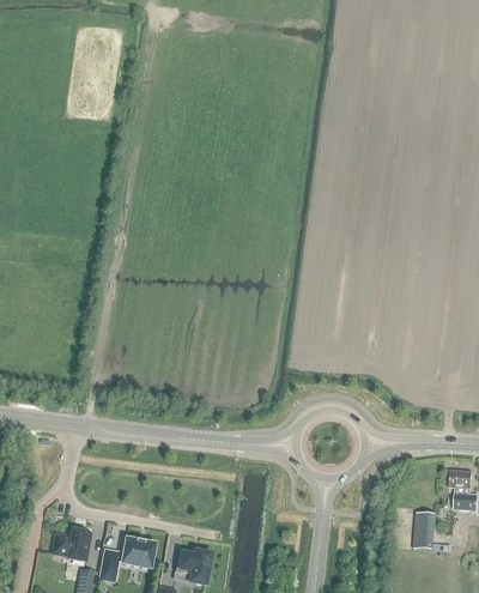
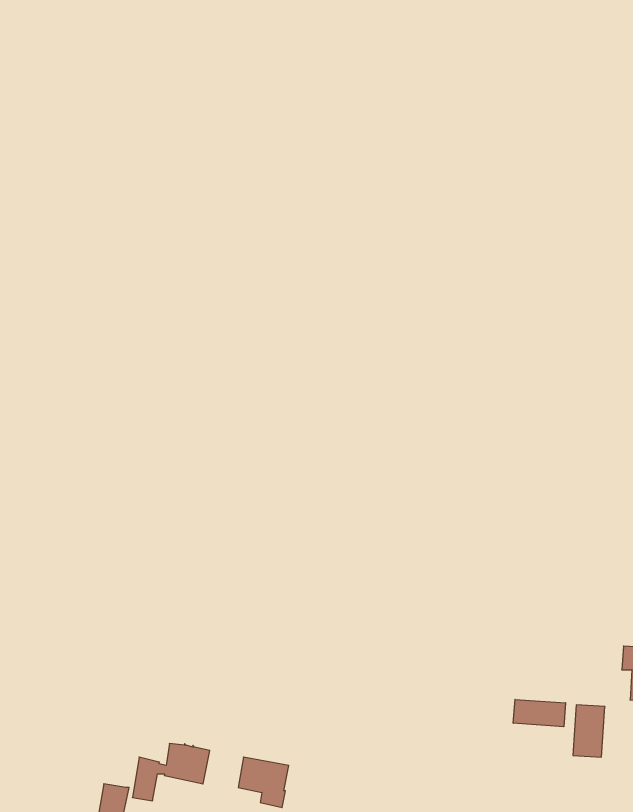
building: none -> [513,699,566,727]
building: [51,528,90,561] -> none

